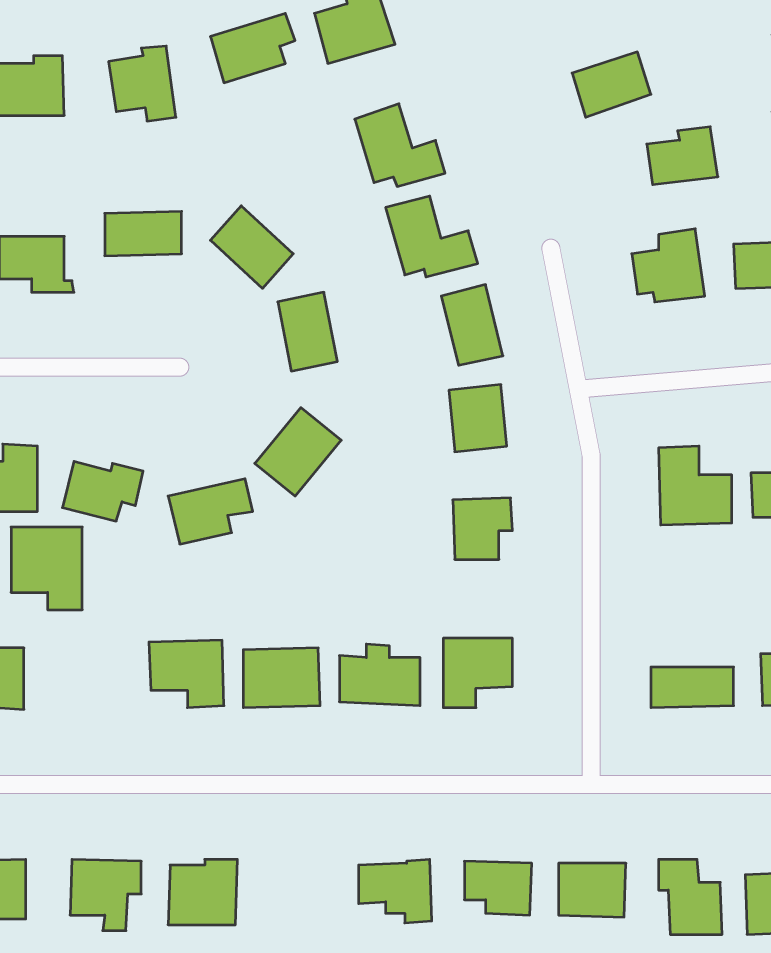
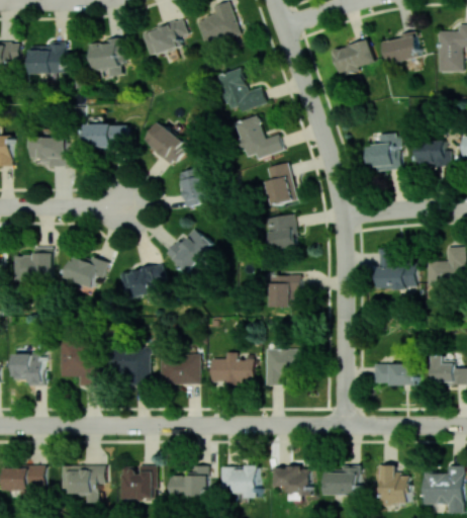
building: [647,127,718,185] -> [381,31,418,62]
building: [11,527,82,610] -> [60,342,97,385]
building: none -> [169,465,207,497]

